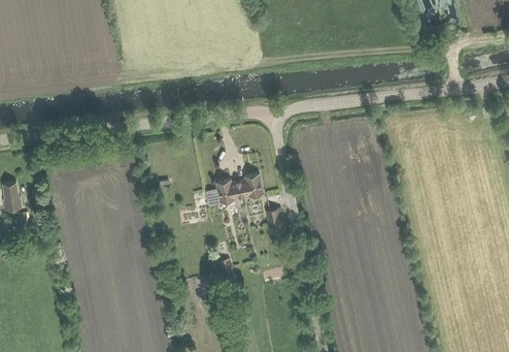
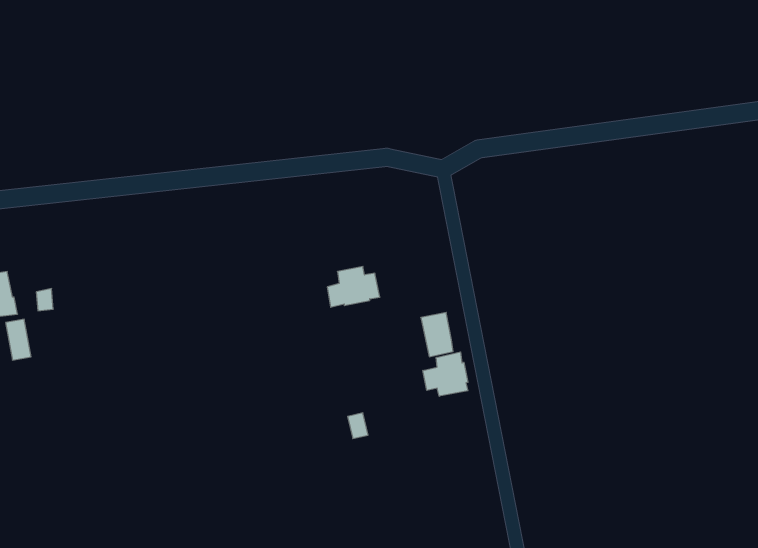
building: [237,173,262,198] -> none
building: none -> [423,352,468,396]

